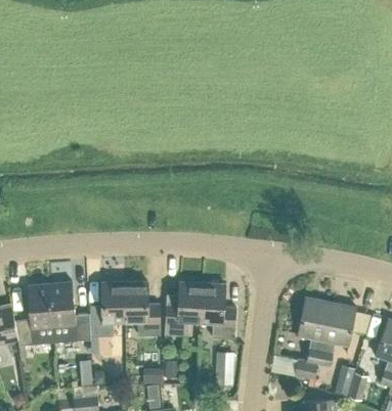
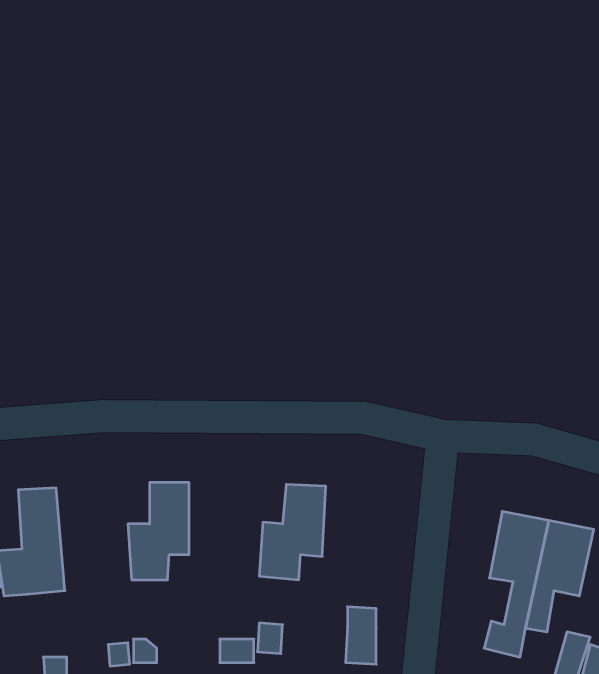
building: [126,281,161,336] -> none
building: [50,282,91,342] -> none
building: [202,283,237,339] -> none

